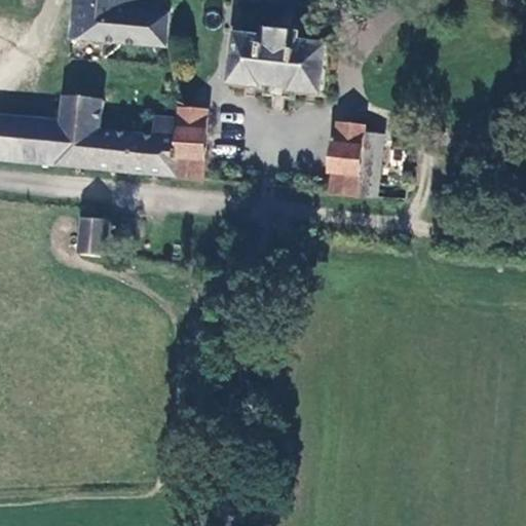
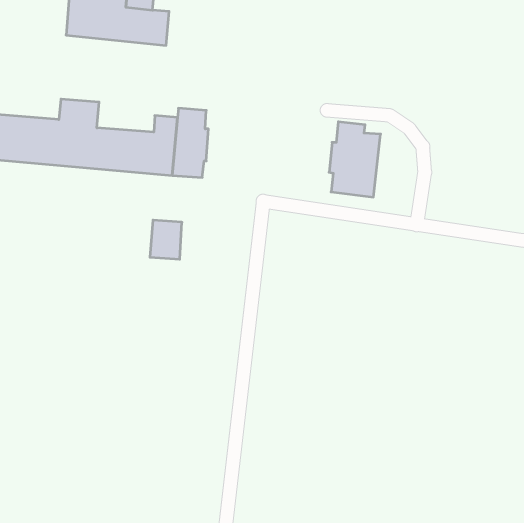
building: [229,29,330,96] -> none
building: [77,216,109,255] -> [150,220,182,259]

